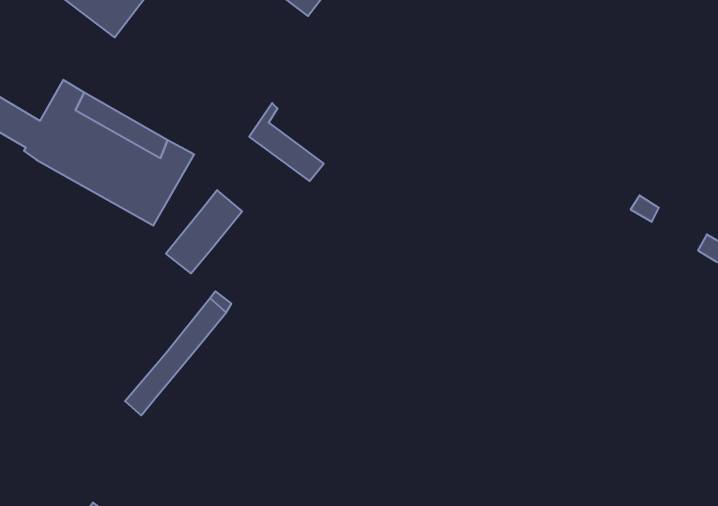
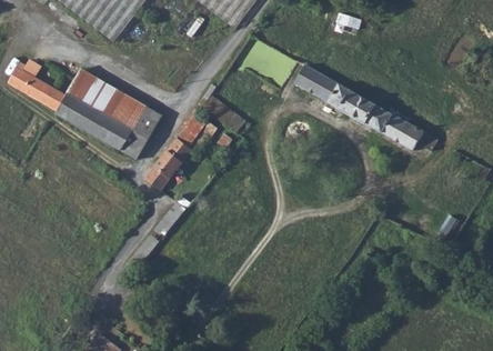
building: none -> [293,62,435,148]
building: none -> [175,119,204,149]

